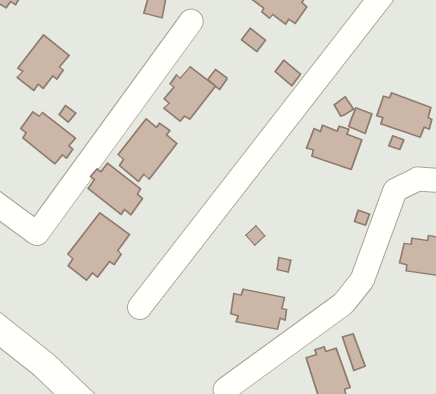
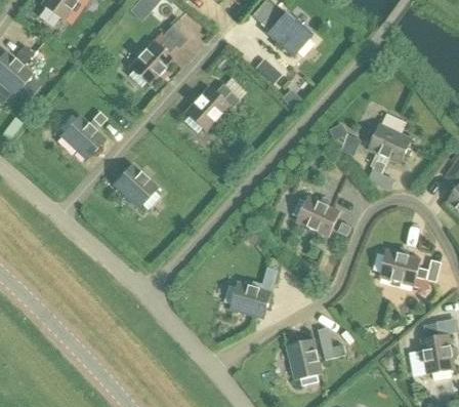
building: [17,35,69,91] -> [127,39,173,86]
building: [118,119,177,181] -> none
building: [306,125,362,170] -> [292,195,340,235]
building: [68,213,130,280] -> none

